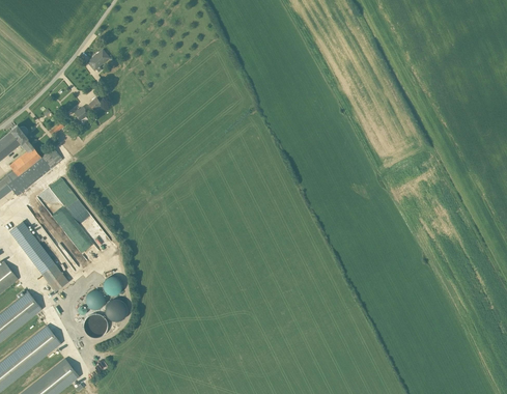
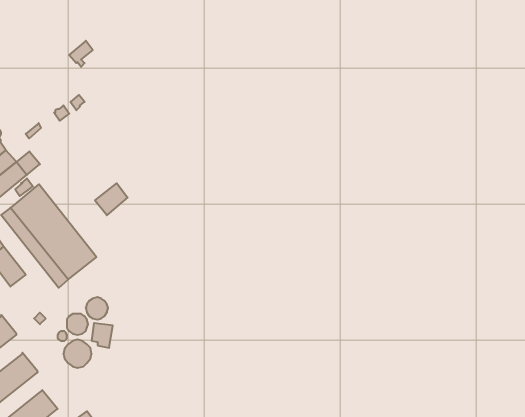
building: none -> [95,183,128,215]
building: [35,256,67,291] -> none

